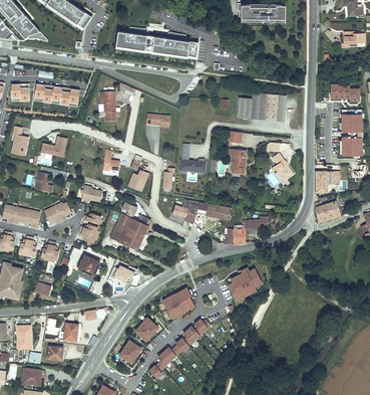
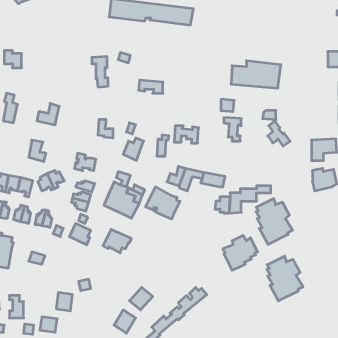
building: [36,83,80,106] -> none
building: none -> [146,187,180,219]
building: none -> [256,199,293,244]
building: none -> [267,256,303,301]
building: [162,288,195,319] -> none

